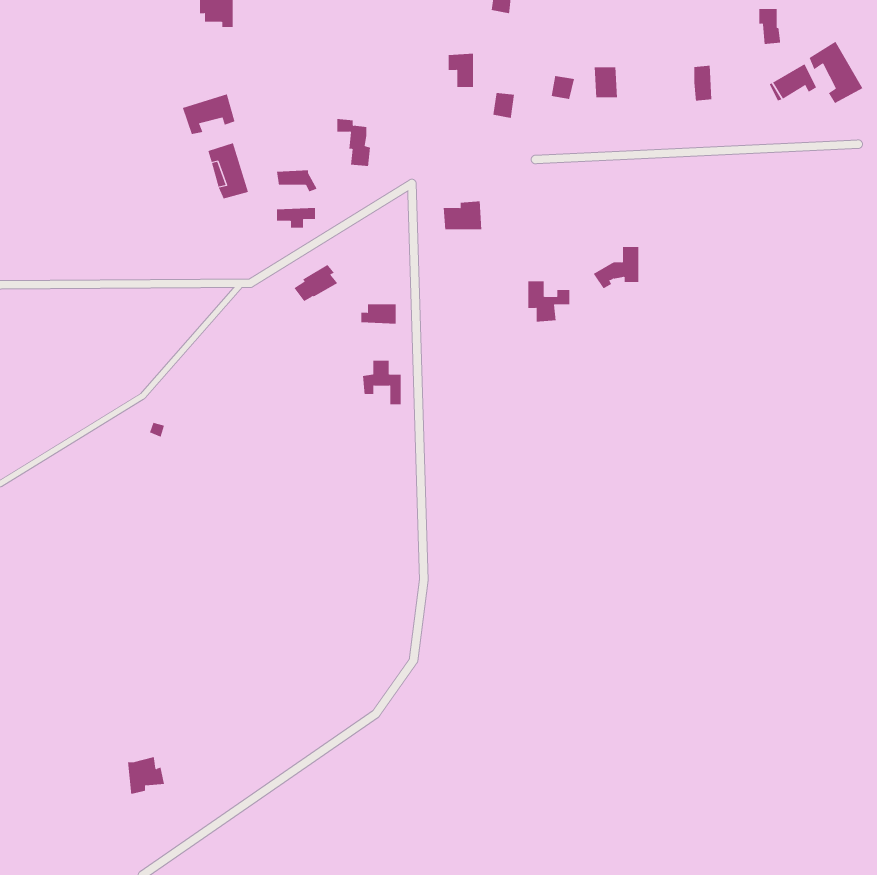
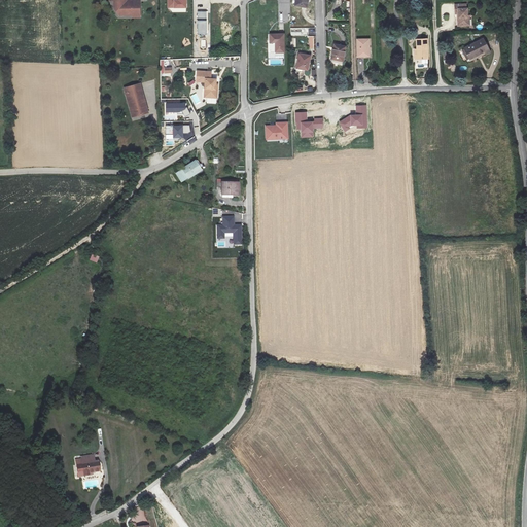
building: [809,41,863,104] -> none
building: [182,94,235,135] -> none
building: [593,246,639,289] -> [339,105,366,131]
building: [527,281,570,322] -> [296,112,322,137]

